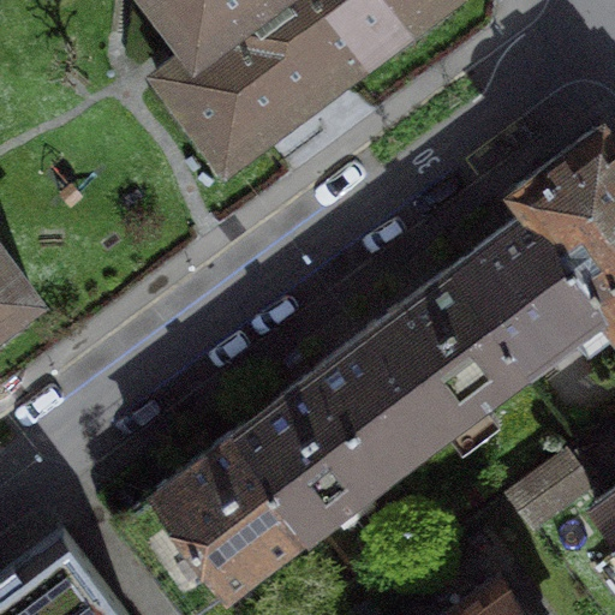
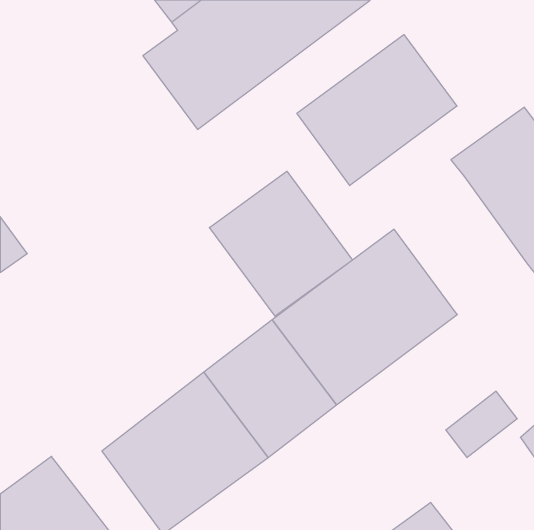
building: none -> [297,35,457,186]
building: none -> [209,171,353,316]
building: [454,210,605,368] -> none

